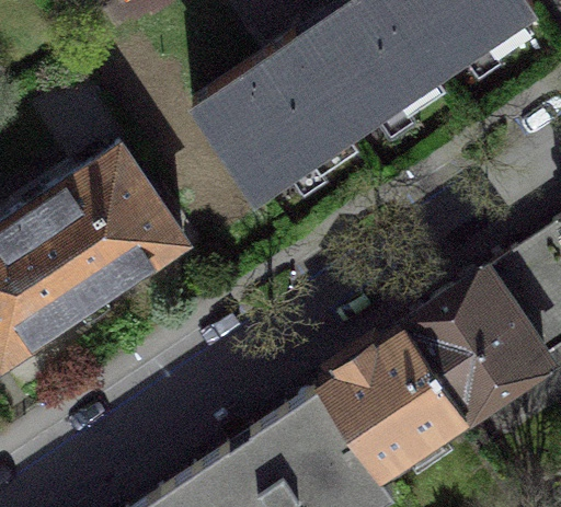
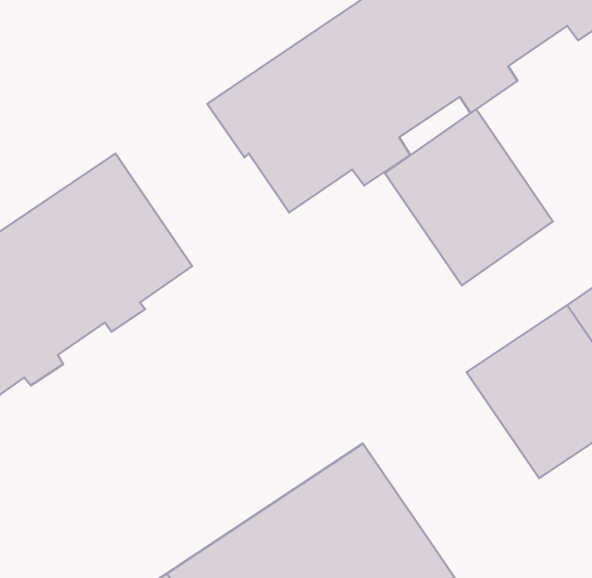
building: none -> [385,109,553,285]
building: [322,326,466,473] -> none

